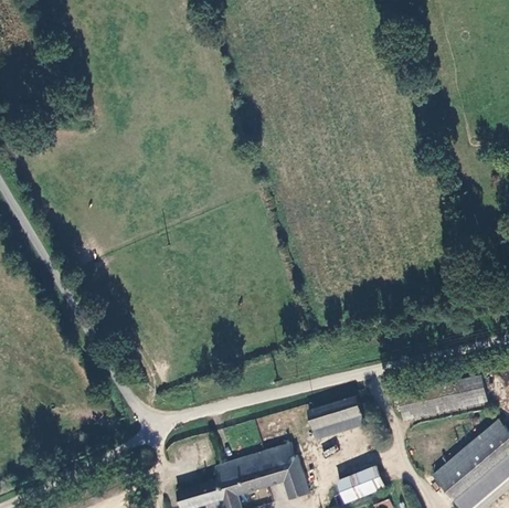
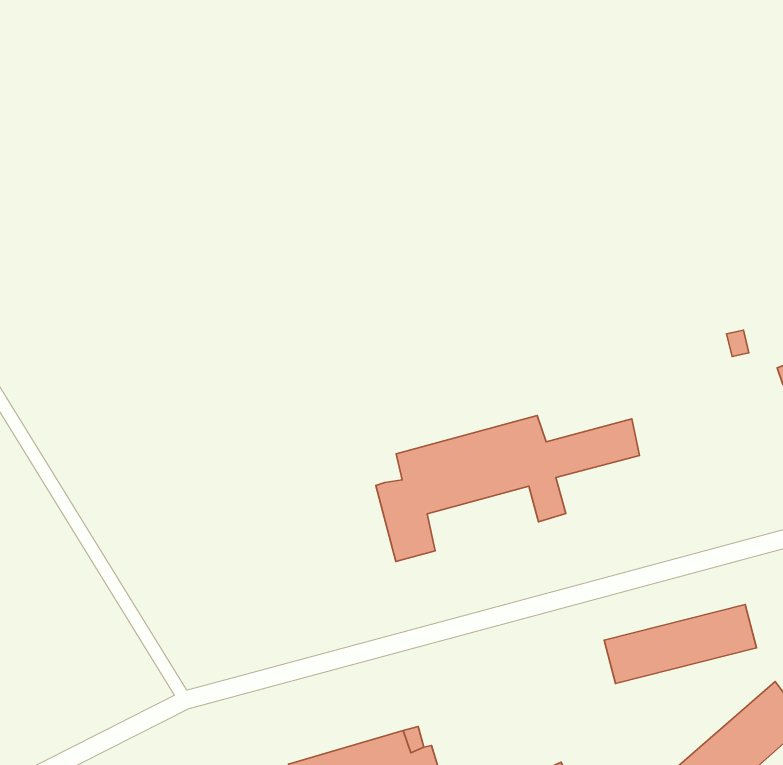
building: none -> [376,416,639,561]
building: [309,394,364,436] -> none

